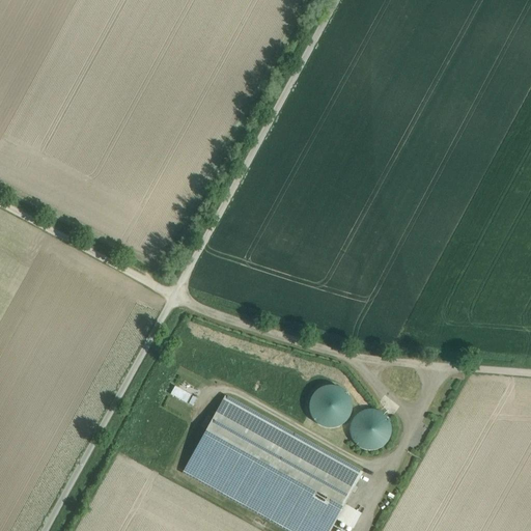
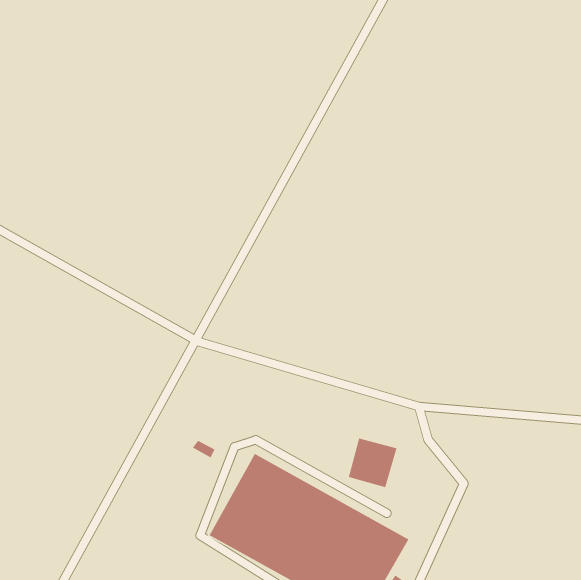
building: [348,410,390,451] -> none

